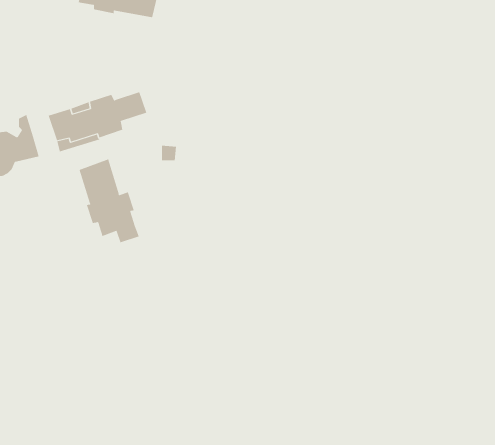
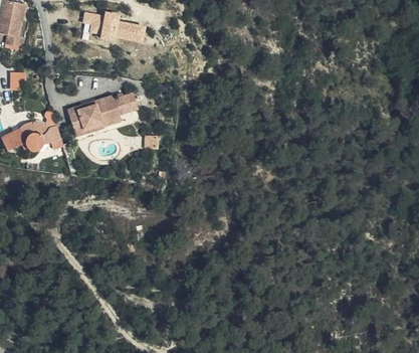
building: [79,159,140,243] -> none

